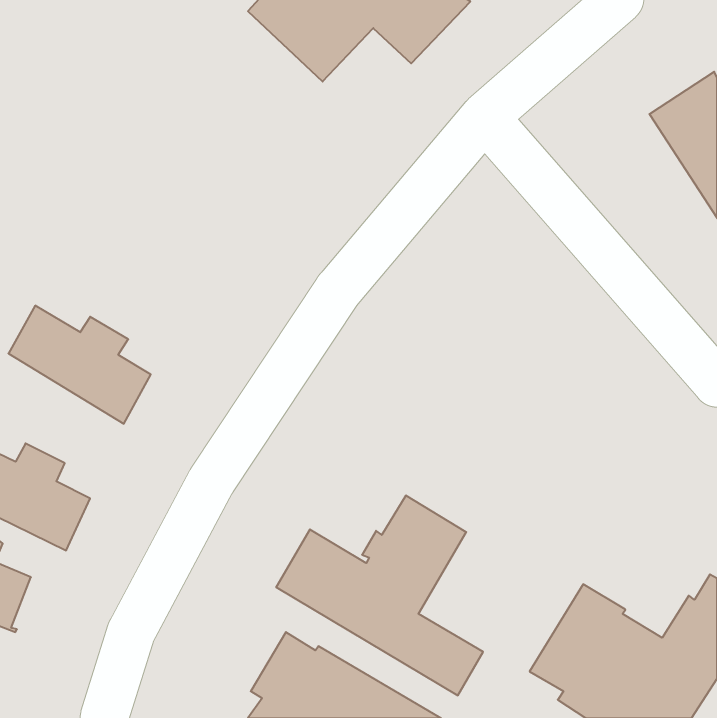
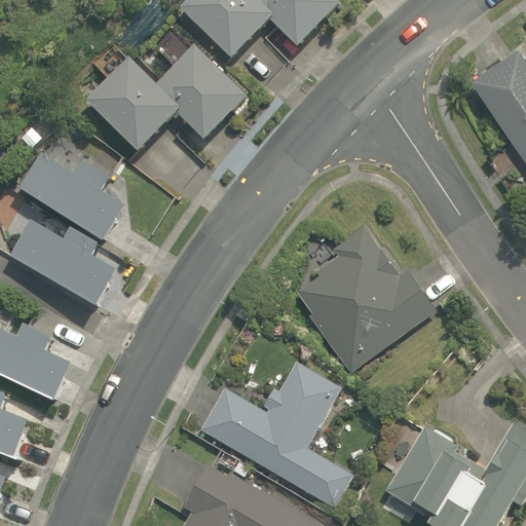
building: none -> [89,44,250,150]
building: none -> [14,155,119,245]
building: none -> [300,227,437,373]

